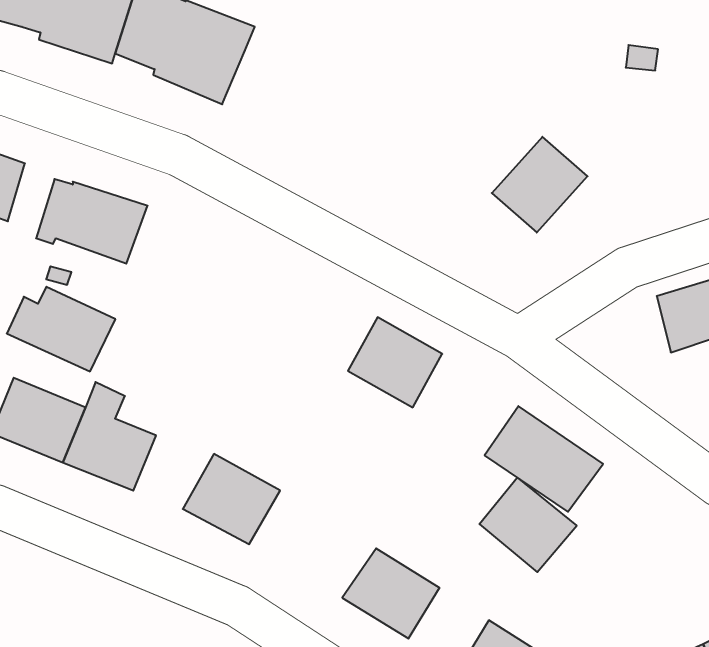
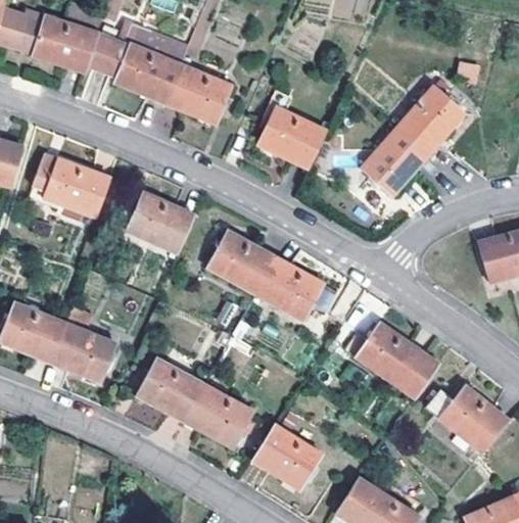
building: none -> [164,64,233,125]
building: none -> [396,85,466,155]
building: none -> [256,87,327,170]
building: none -> [207,231,277,296]
building: [7,287,115,371] -> [116,192,195,253]
building: [479,478,577,572] -> [439,385,510,454]
building: none -> [184,383,254,449]

